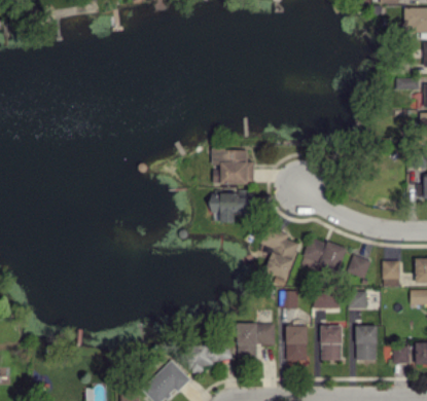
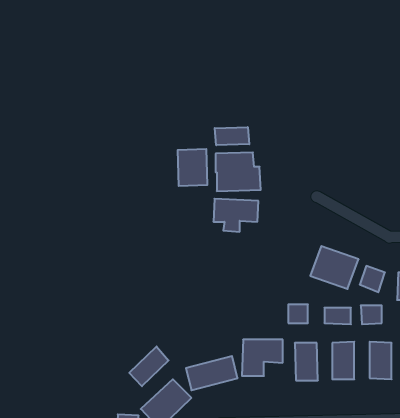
building: none -> [215,127,249,145]
building: none -> [178,149,207,186]
building: [260,226,299,283] -> none
building: none -> [129,346,169,386]

